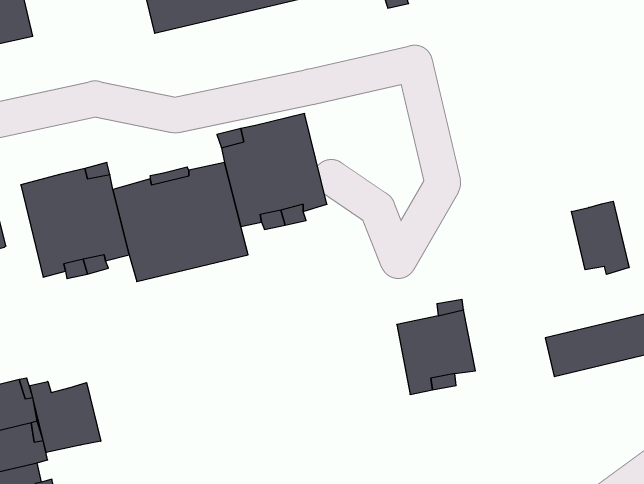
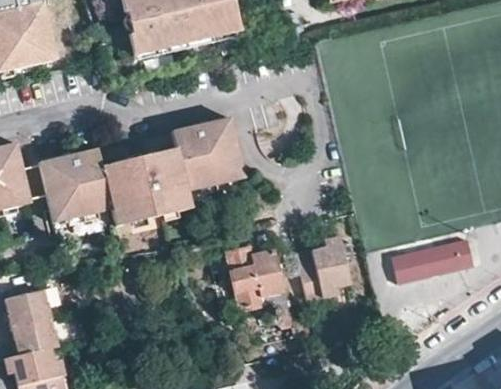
building: [571,201,629,274] -> none
building: none -> [228,250,285,309]
building: [30,381,101,453] -> none

